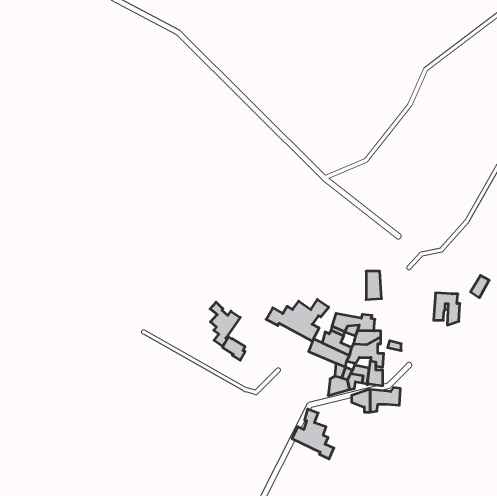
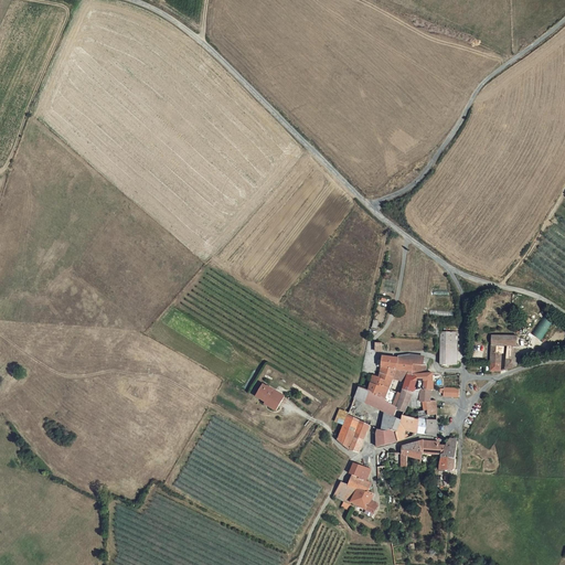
building: [366,271,382,300] -> [443,330,460,362]
building: [266,299,329,341] -> none
building: [210,302,240,346] -> none
building: none -> [334,412,367,451]

